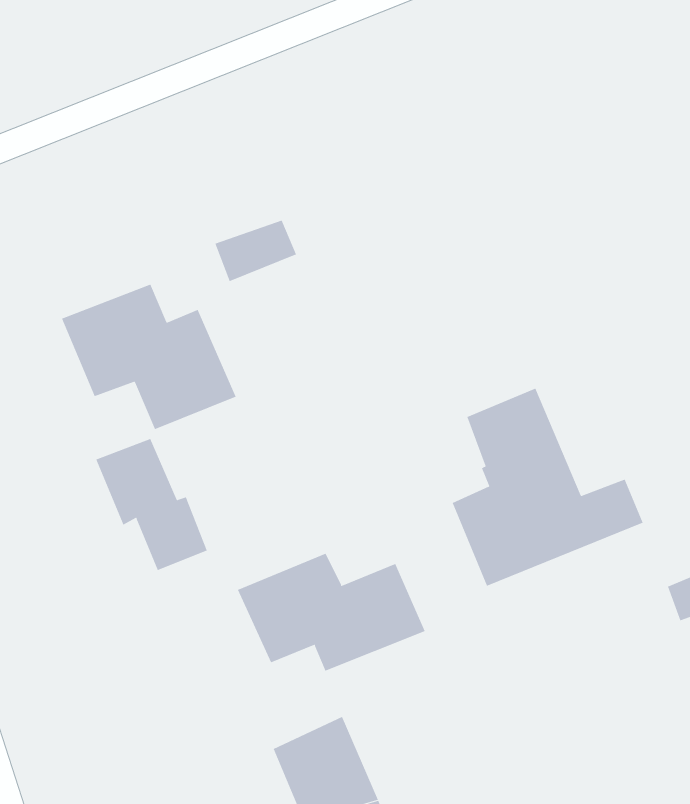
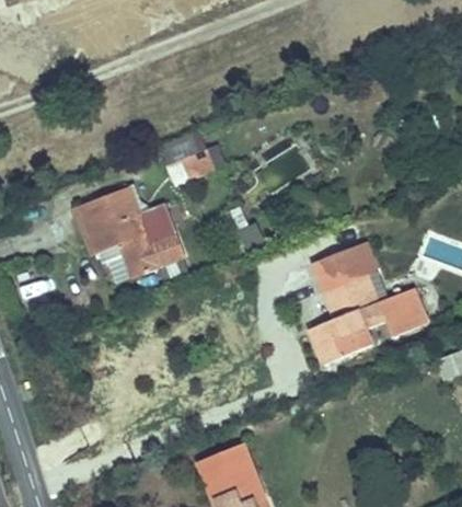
building: [95,438,208,571] -> none
building: [237,553,425,671] -> none

